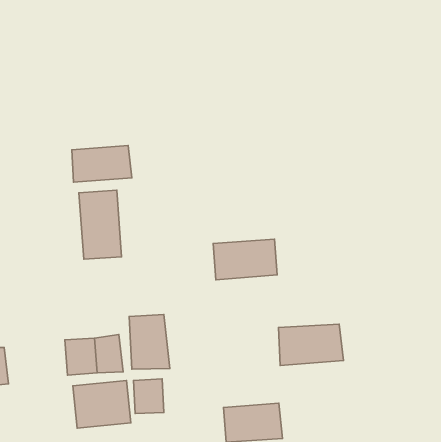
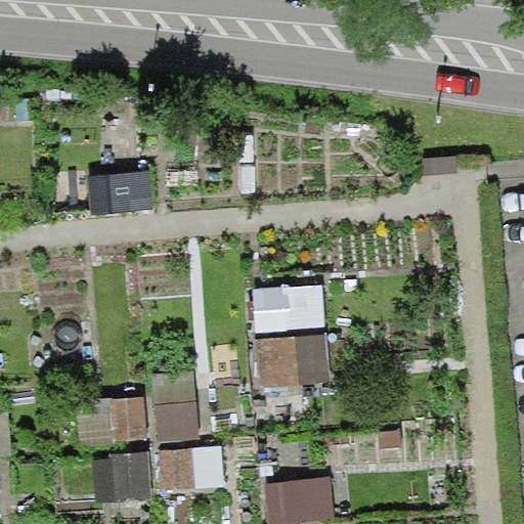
building: [79,190,122,259] -> none
building: [279,324,344,366] -> [255,335,332,384]

